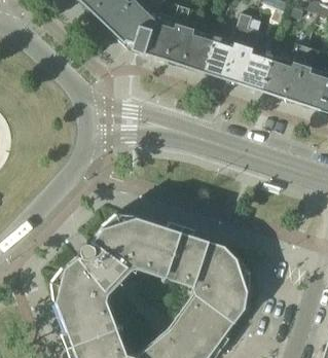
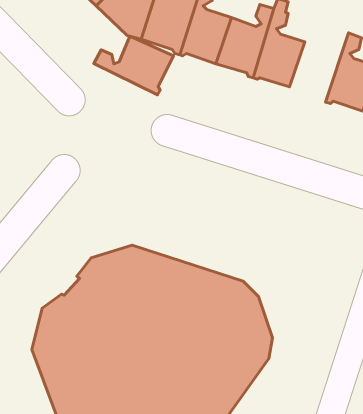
building: [261,43,308,103] -> none
building: none -> [94,36,174,95]

